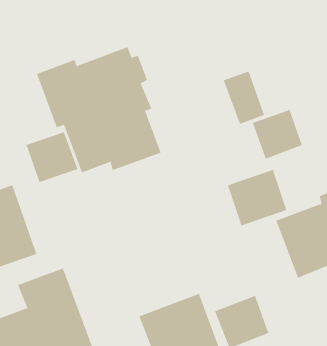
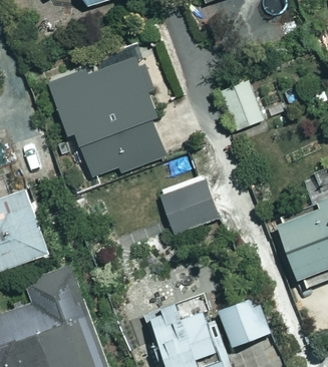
building: [252,109,303,160] -> none
building: [26,132,78,183] -> none
building: [227,169,287,226] -> [160,178,218,233]

